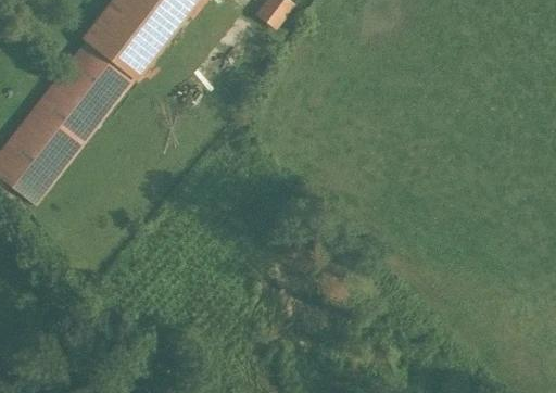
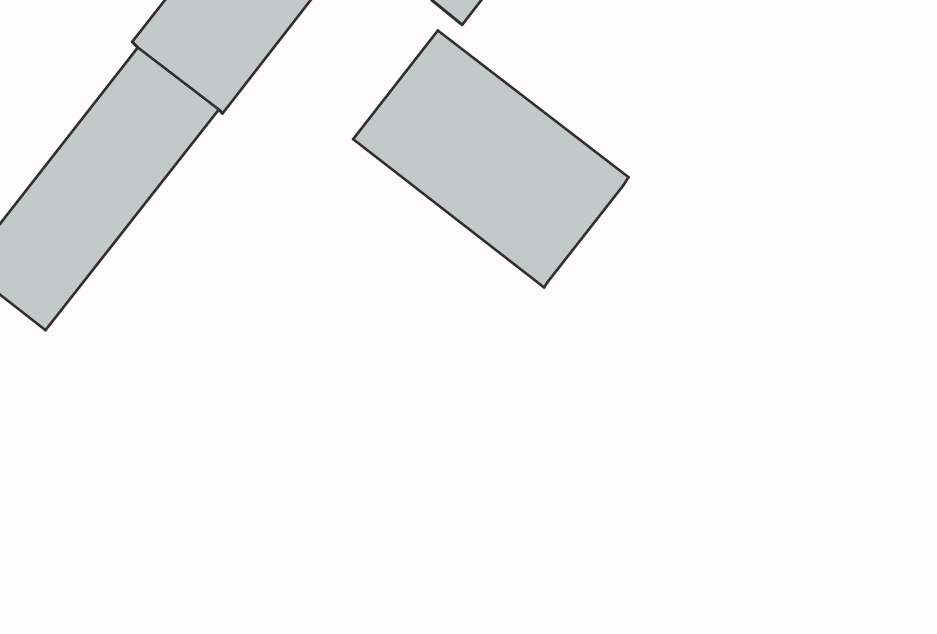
building: none -> [353,31,629,287]

